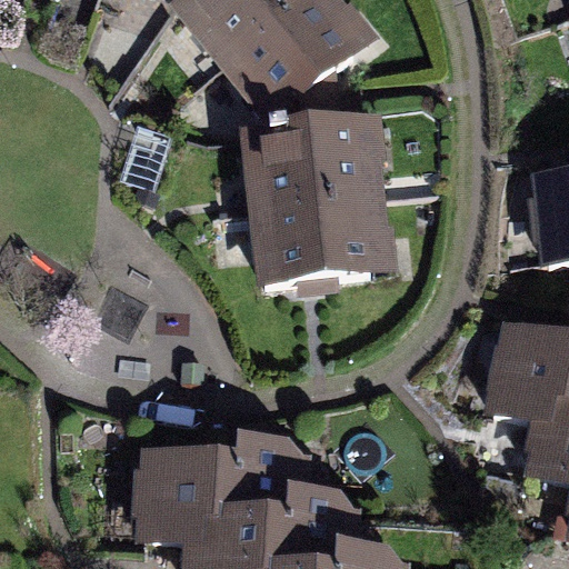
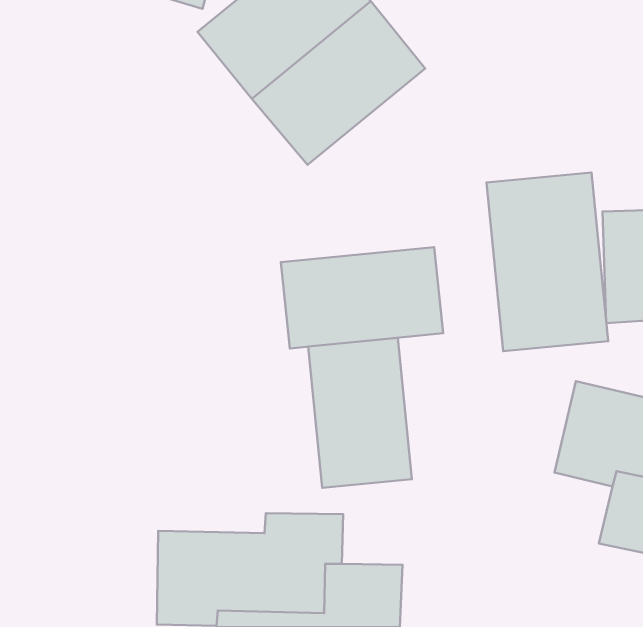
building: [242,141,385,230] -> none
building: none -> [486,173,608,351]
building: none -> [308,338,412,488]

